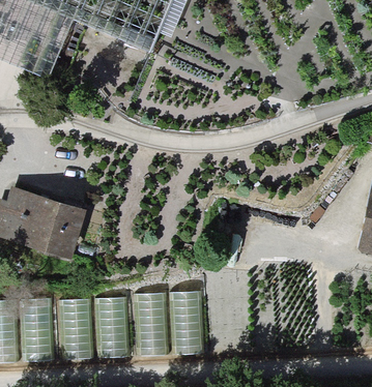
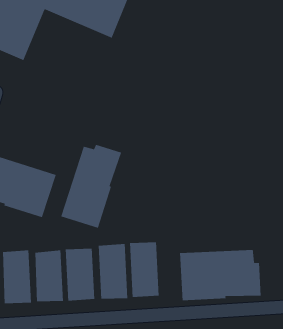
building: none -> [60,144,122,229]
building: none -> [179,249,262,301]

